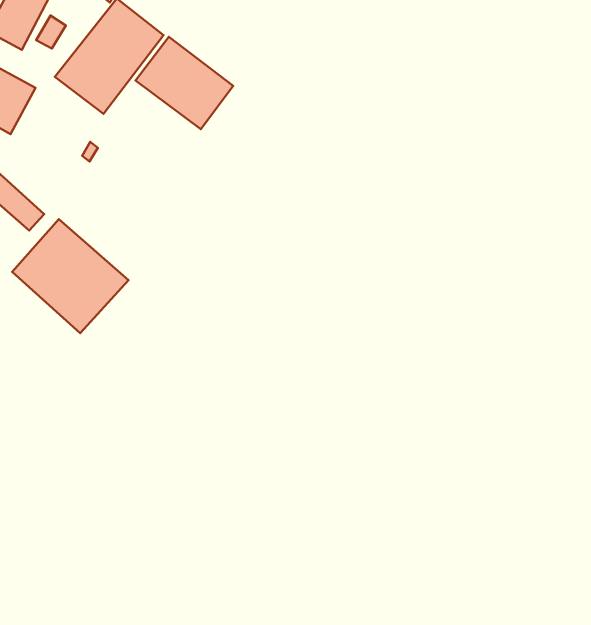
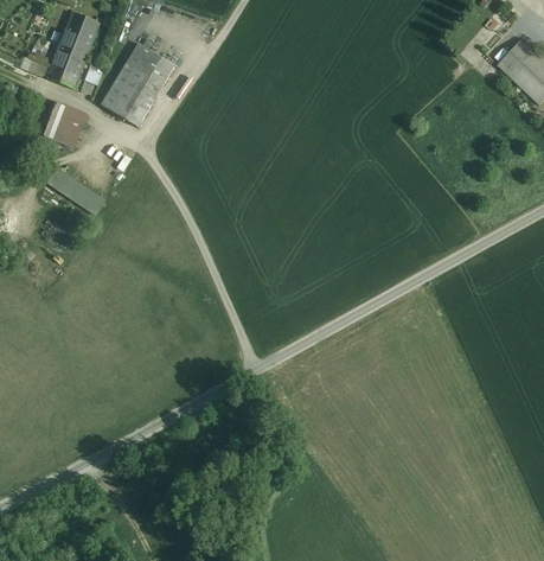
building: [135,37,233,129] -> none
building: [12,219,128,333] -> none

